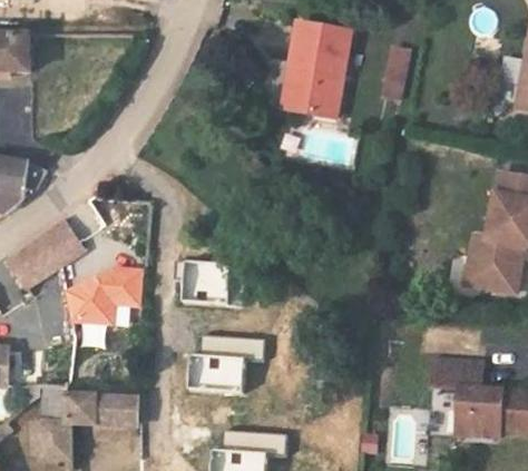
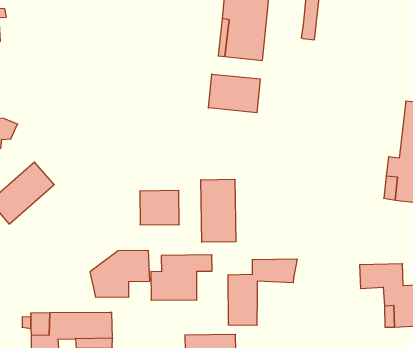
building: none -> [208,74,260,113]
building: none -> [201,179,236,242]
building: [67,268,137,323] -> [90,251,150,297]
building: none -> [228,259,297,325]

